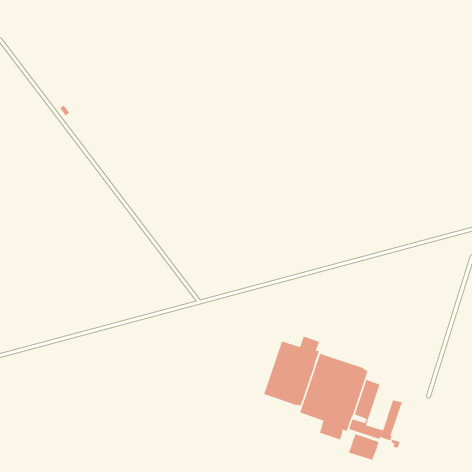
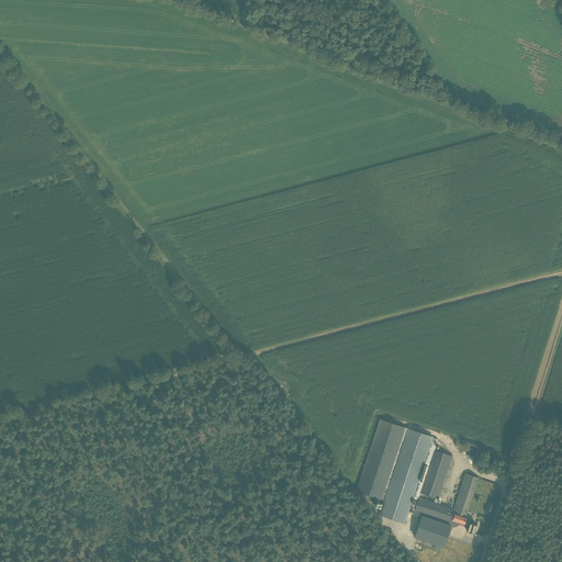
building: [263,336,320,407] -> none

